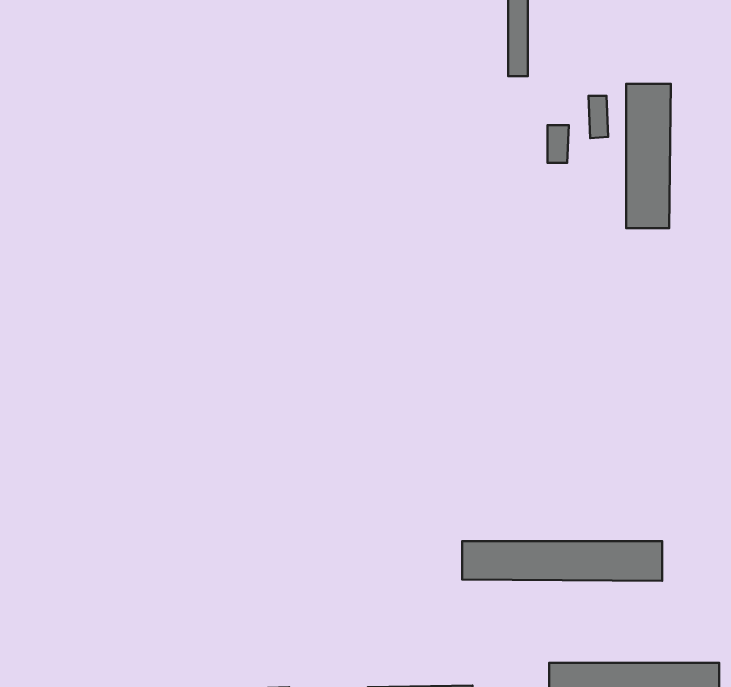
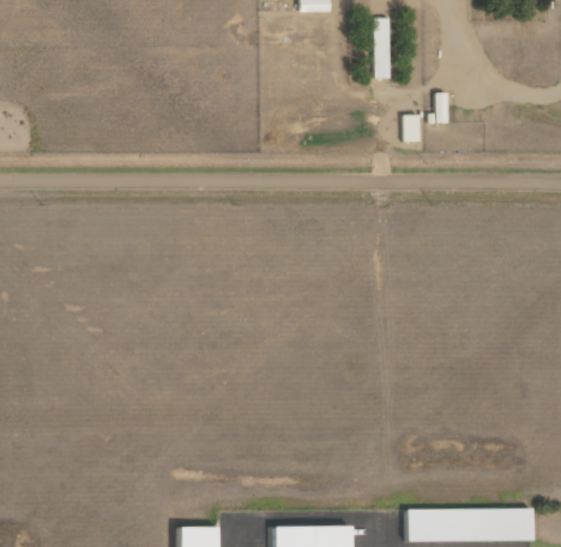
building: [626,84,671,228] -> none
building: [462,541,662,581] -> none

